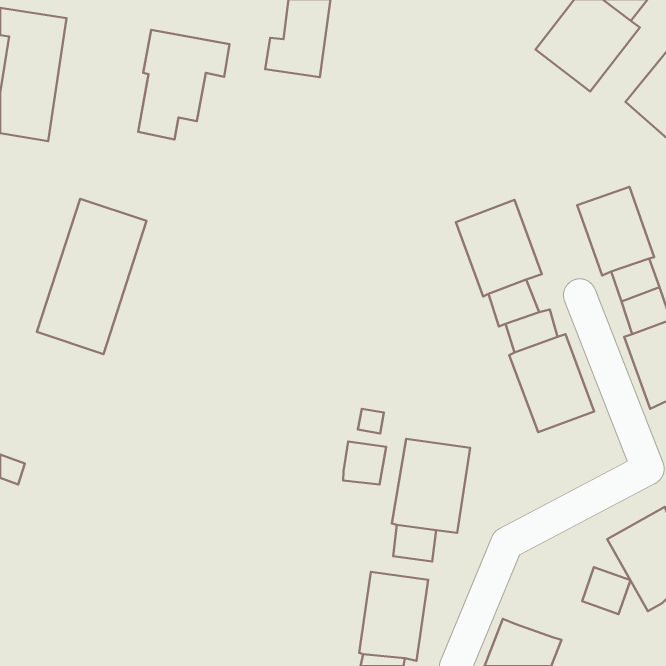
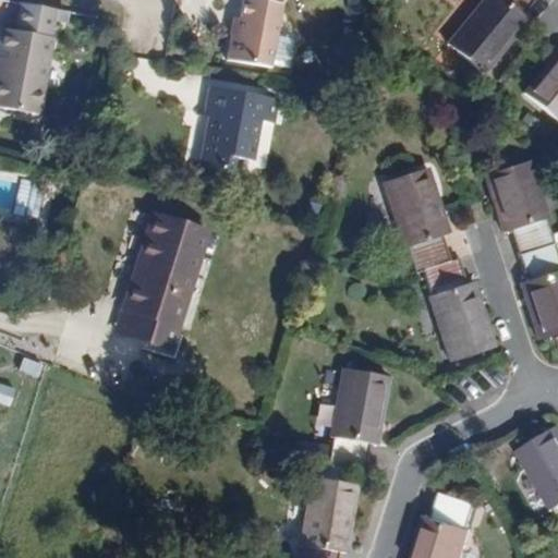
building: [138,30,229,140] -> [205,83,281,174]
building: [37,199,147,354] -> [121,215,213,344]
building: [343,442,386,485] -> none
building: [582,567,630,614] -> [432,493,472,532]

